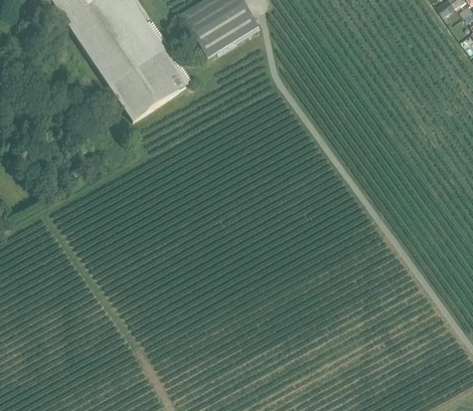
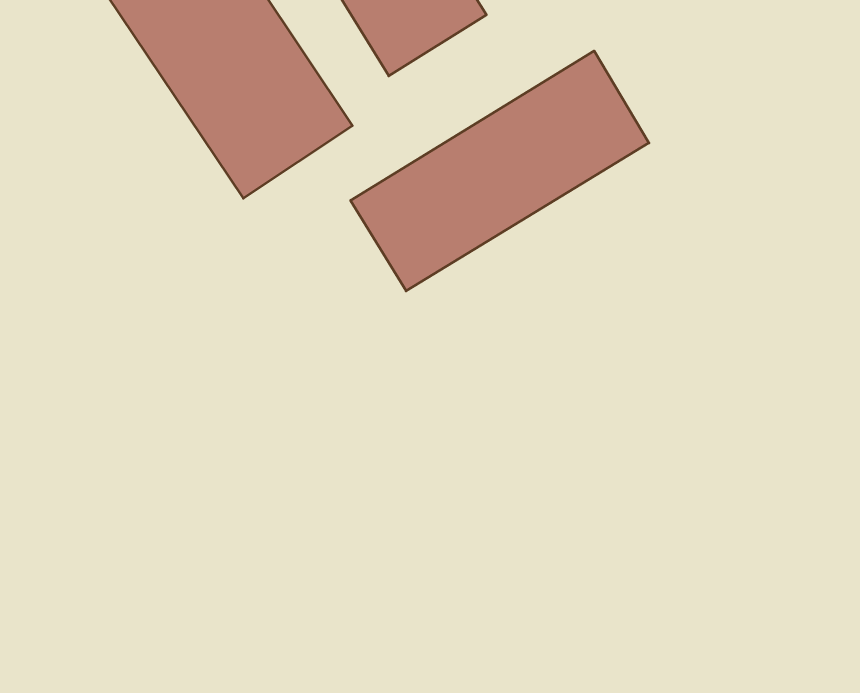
building: none -> [351,51,649,291]

